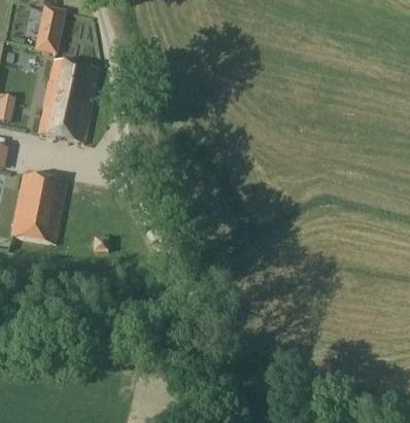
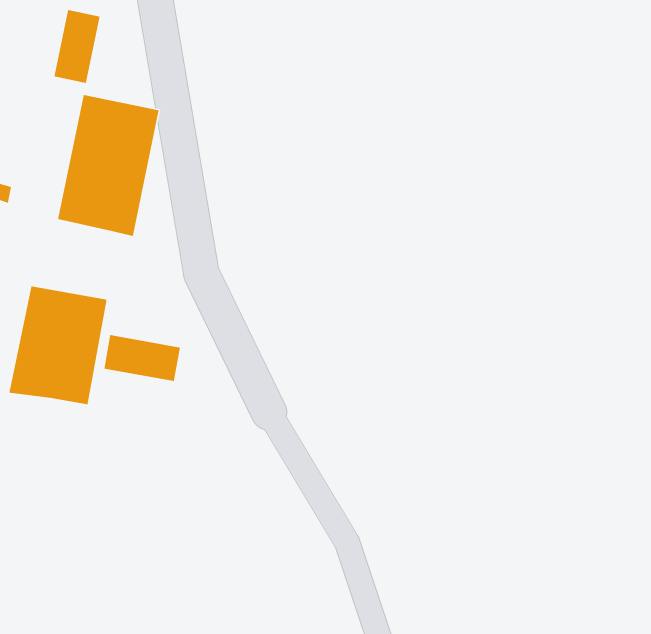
building: none -> [103,334,181,382]

